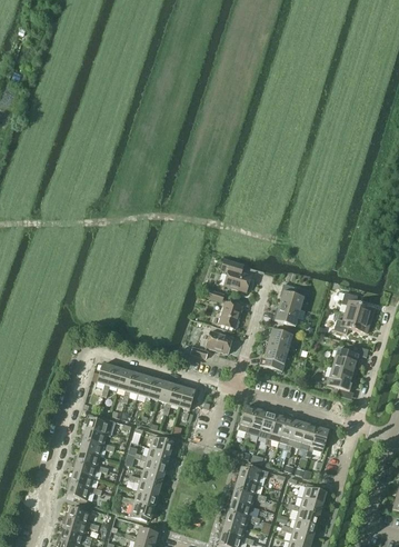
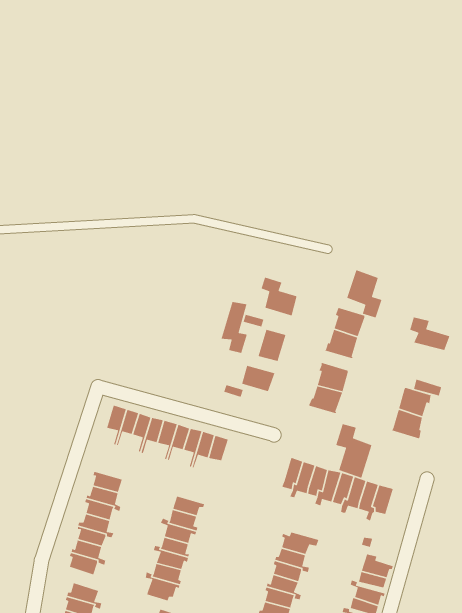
building: none -> [346,269,382,319]
building: none -> [221,301,248,354]
building: [335,312,371,334] -> none
building: none -> [335,423,373,479]

